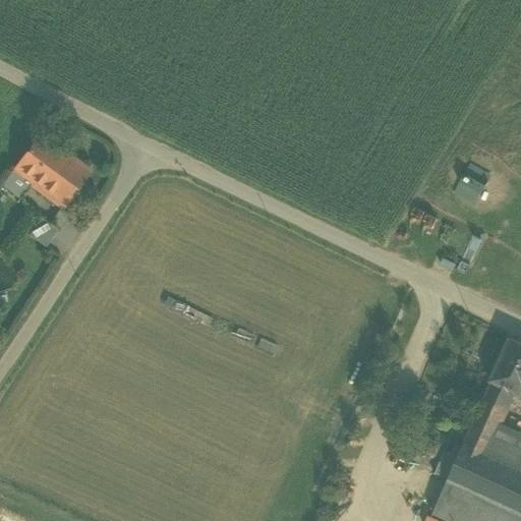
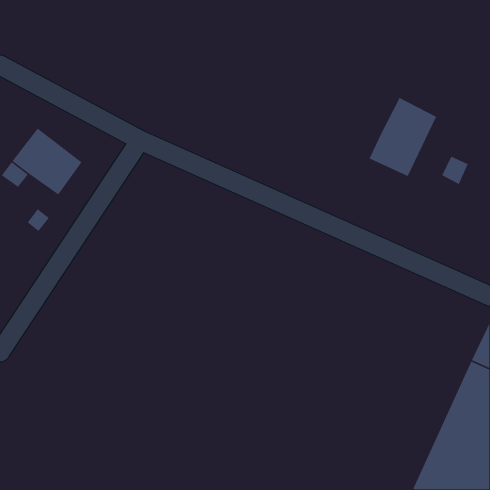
building: none -> [369,97,437,177]

